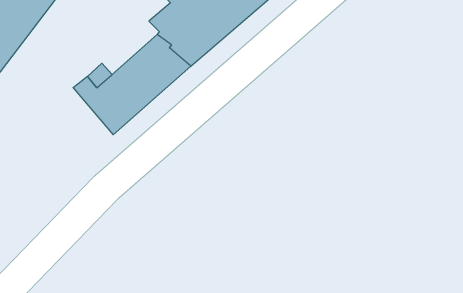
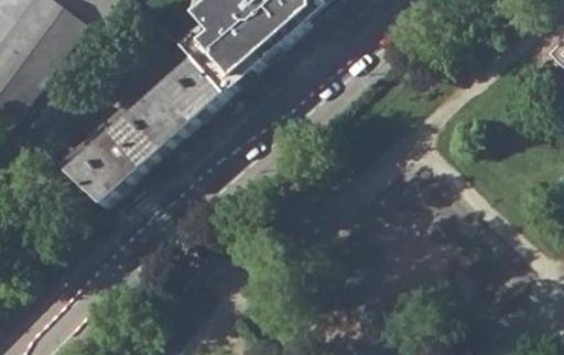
building: none -> [57,118,144,204]

